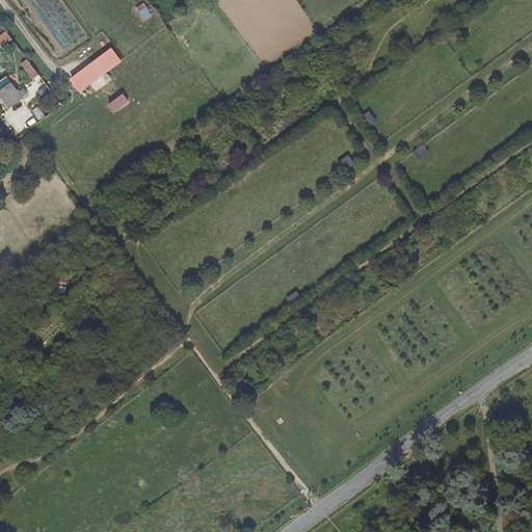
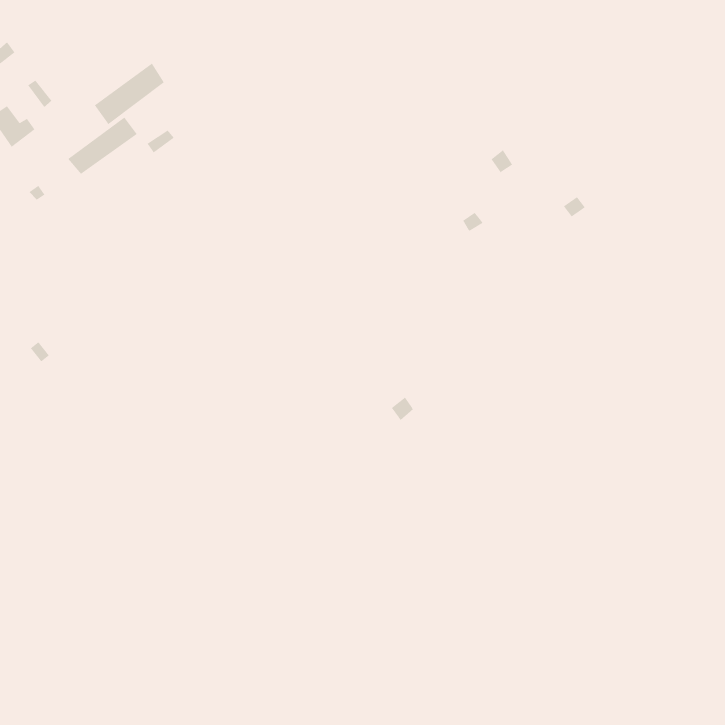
building: none -> [67,117,138,175]

